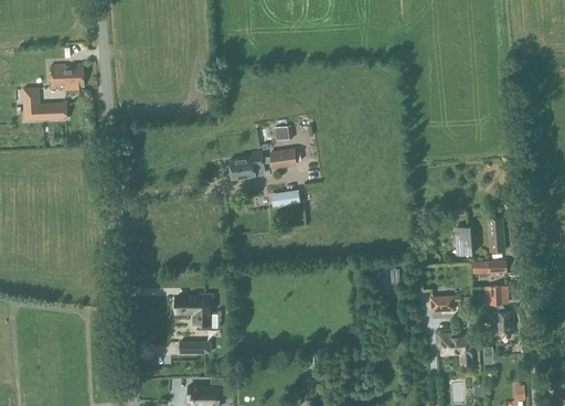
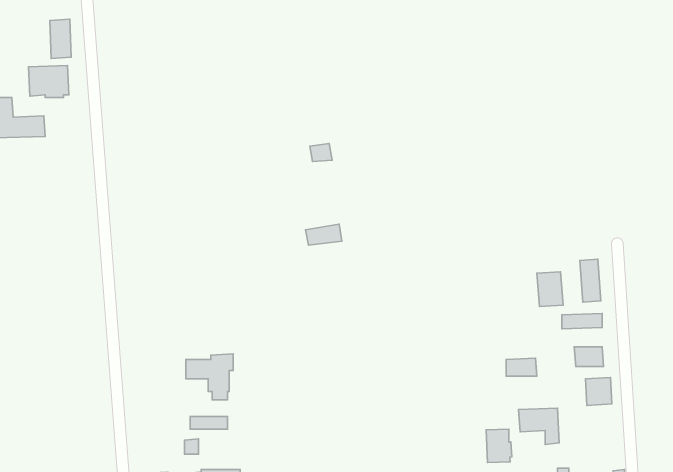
building: none -> [50,19,71,59]
building: [228,148,297,179] -> none
building: none -> [486,429,512,462]

